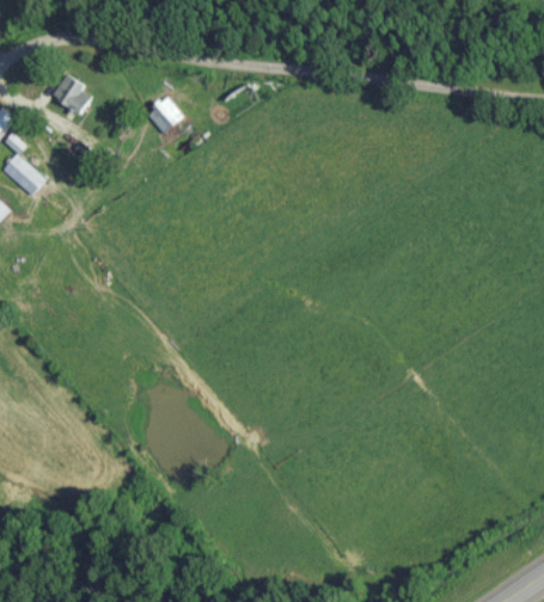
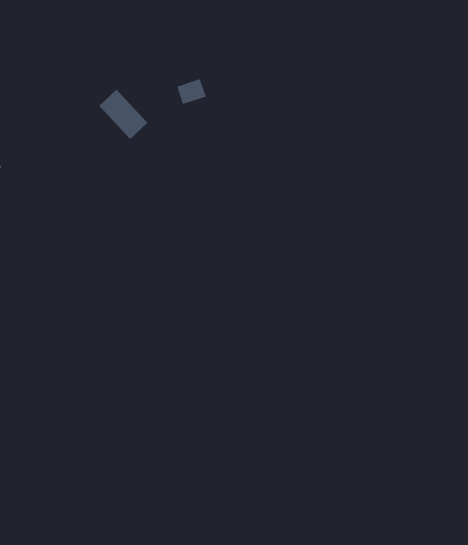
building: [53,73,96,115] -> none

